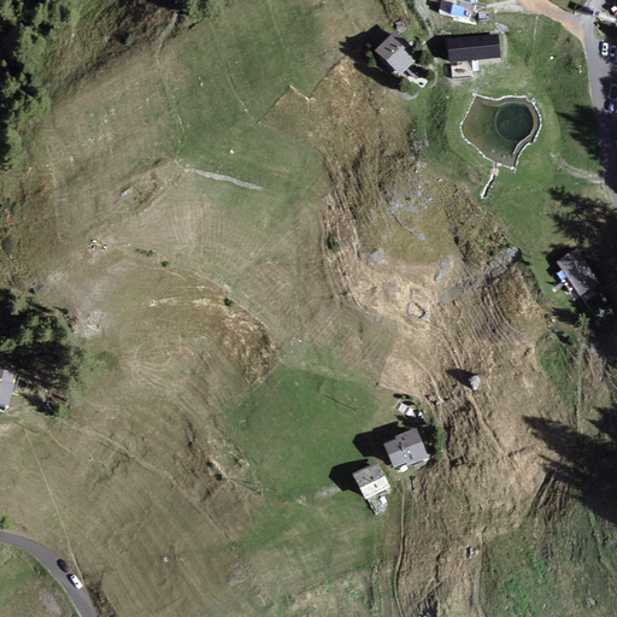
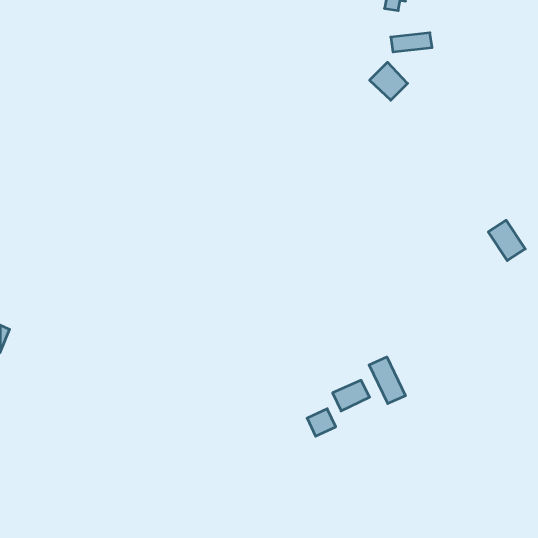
building: [372,31,416,75] -> [370,62,408,100]
building: none -> [369,357,405,404]

